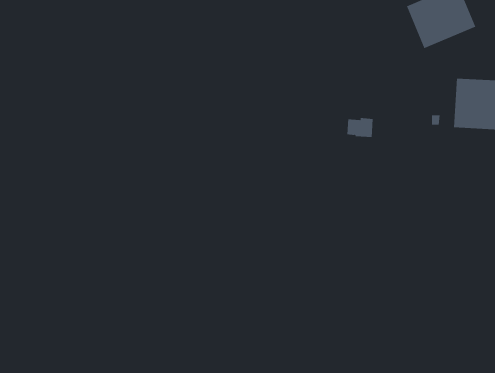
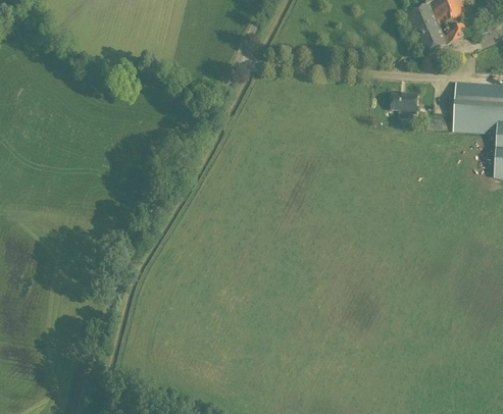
building: [346,118,374,138] -> [393,94,419,113]

